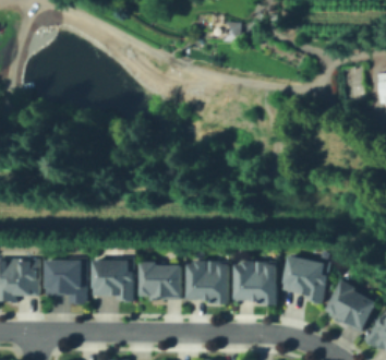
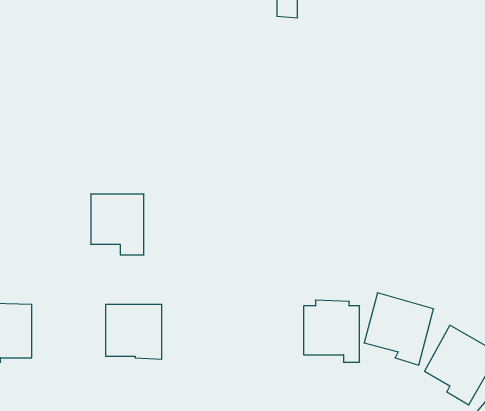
building: [186,256,231,300] -> none
building: [44,260,83,304] -> [91,194,144,255]
building: [141,262,181,300] -> none

